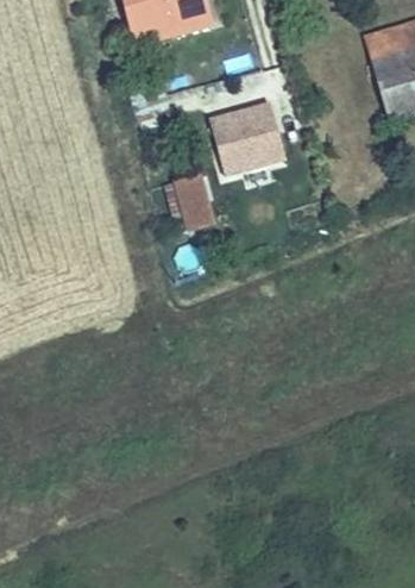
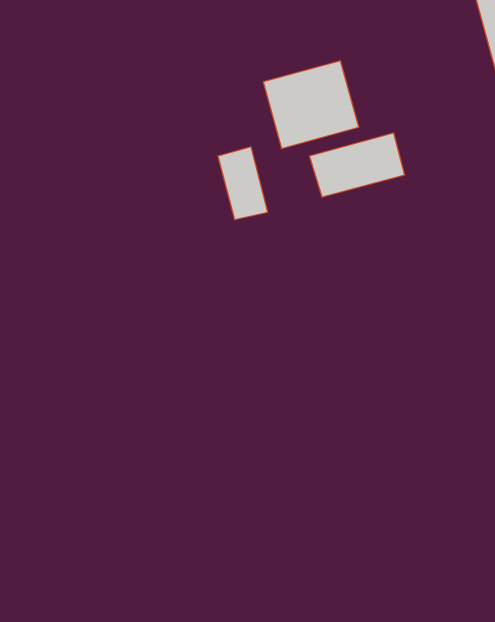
building: none -> [310,133,404,197]

